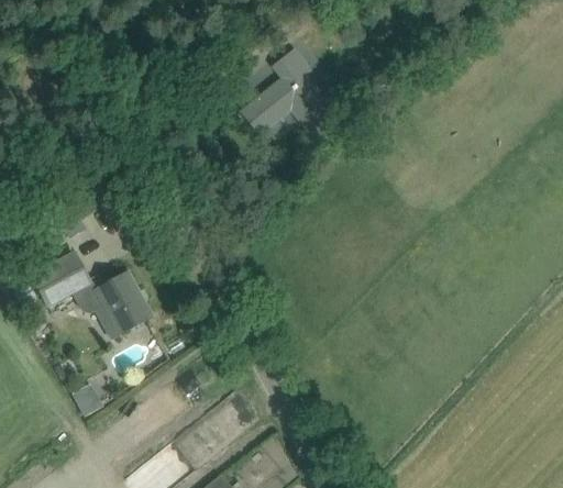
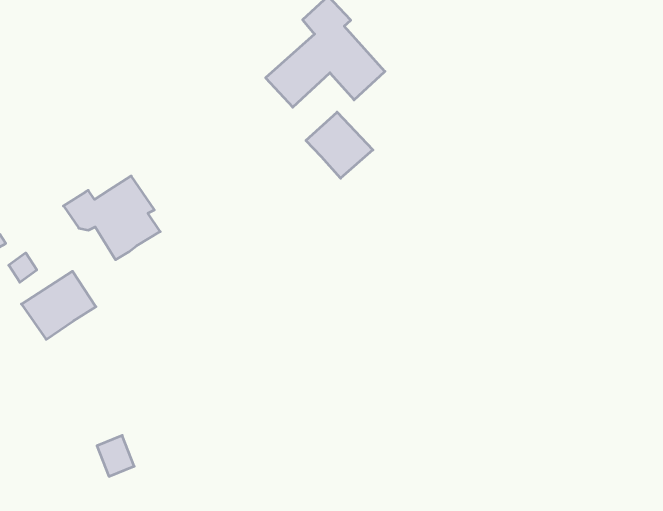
building: none -> [306,112,373,178]
building: [71,271,147,337] -> [63,176,160,260]

